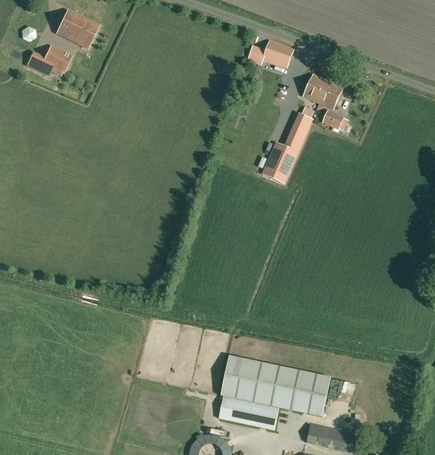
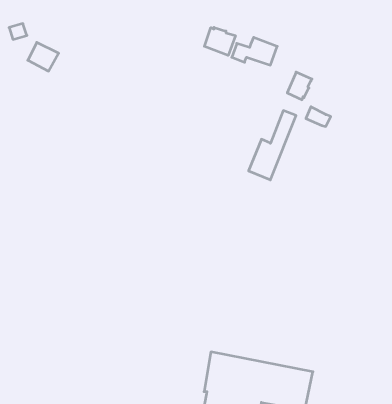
building: [56,9,98,47] -> none
building: none -> [204,27,235,55]
building: [318,81,342,108] -> none

